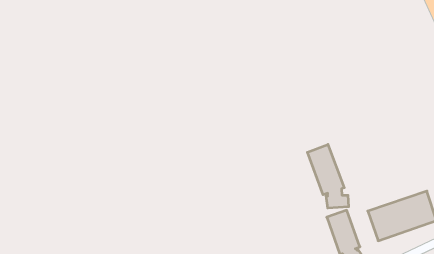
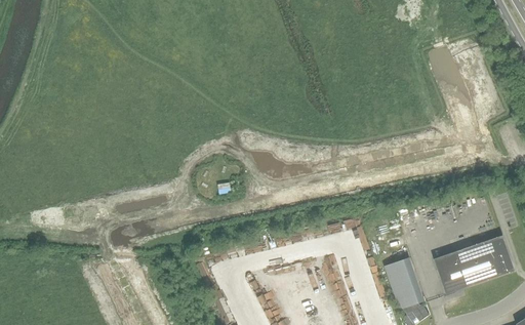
building: [307,144,349,208] -> none

